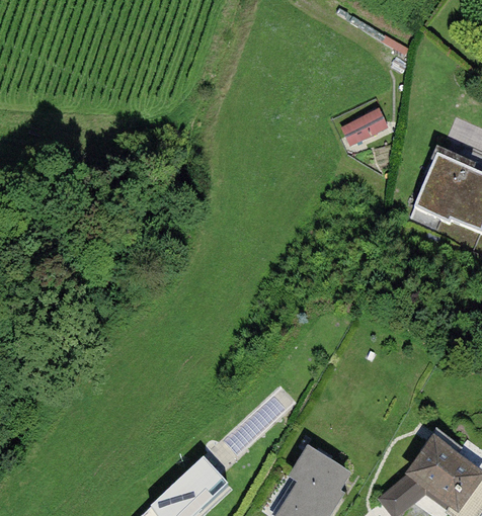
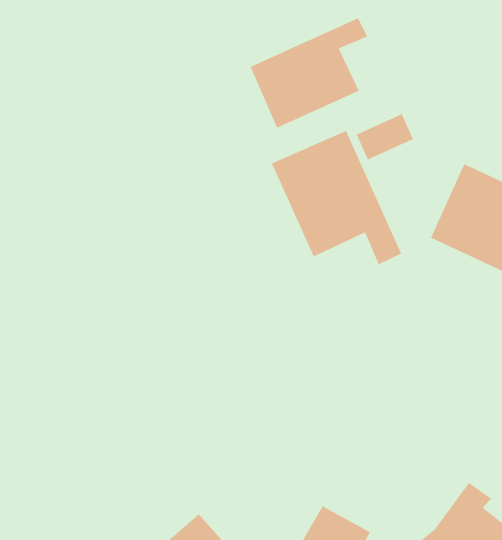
building: none -> [250,17,368,128]
building: none -> [271,130,402,265]

